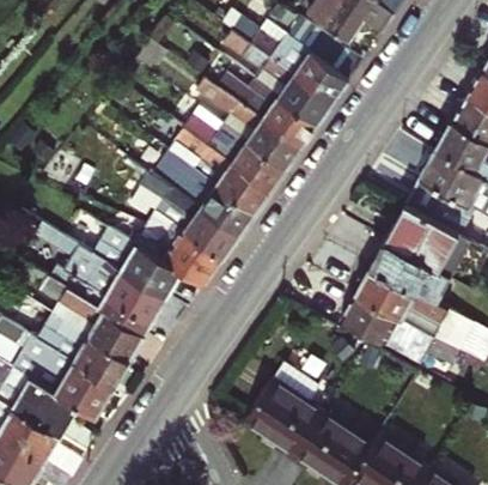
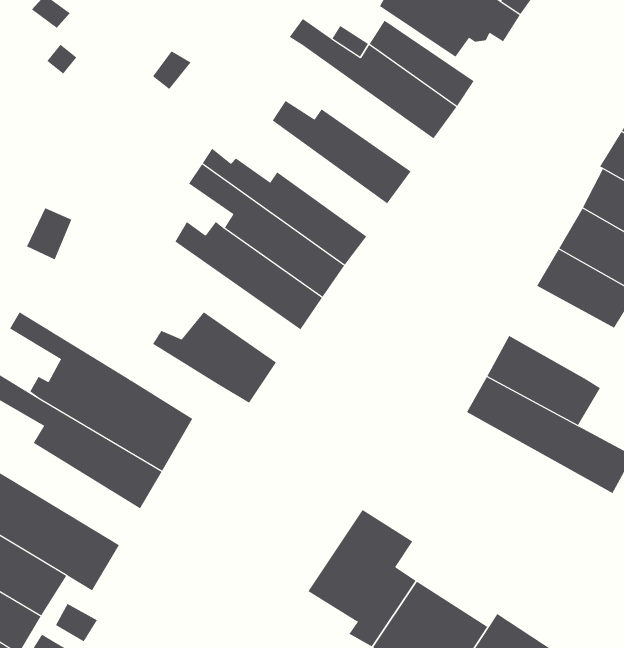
building: [232,36,333,125] -> none
building: [193,78,300,170] -> none
building: [145,174,239,259] -> none
building: [385,205,459,271] -> none
building: [85,219,179,298] -> none
building: [340,293,458,366] -> none
building: [43,315,127,387] -> none

